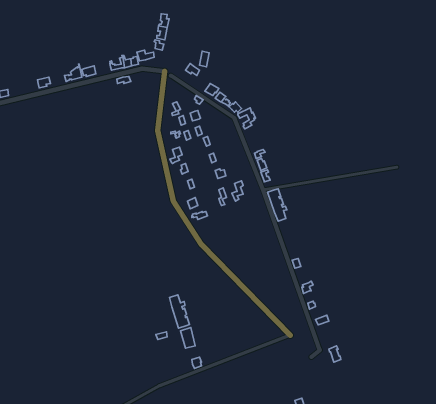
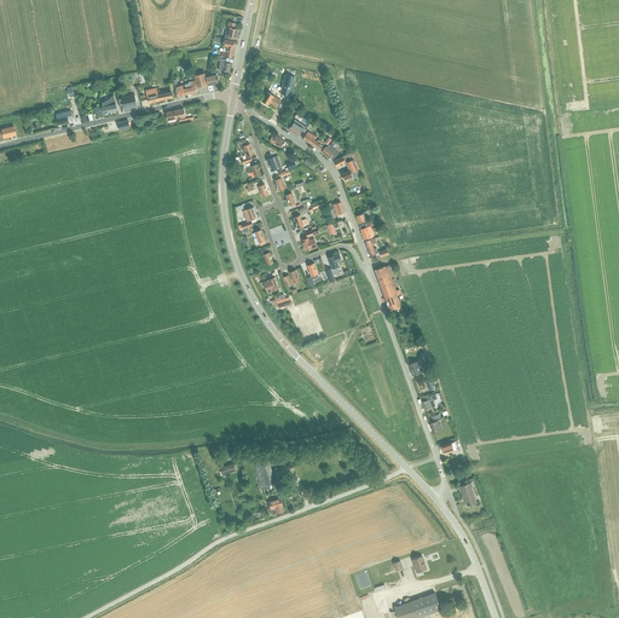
building: [170,295,190,328] -> none

